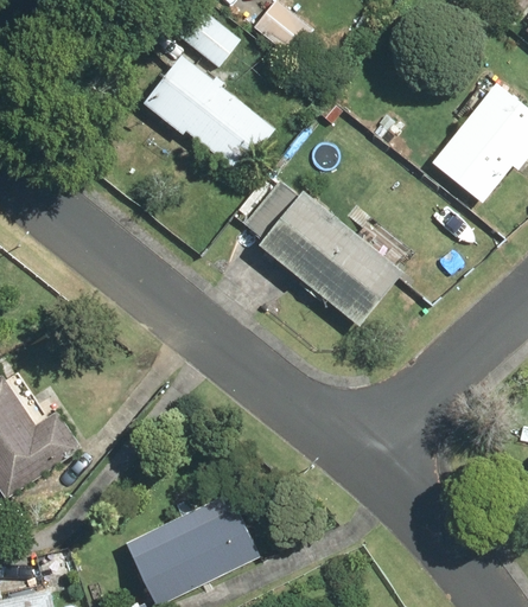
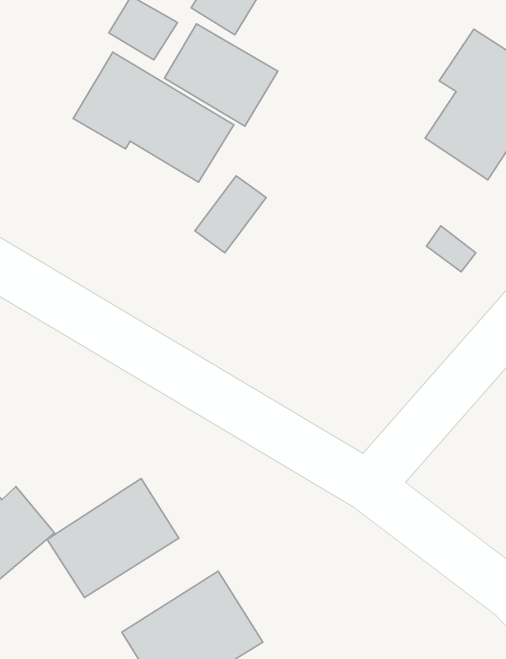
building: none -> [165,24,278,126]
building: [260,192,418,327] -> none
building: none -> [47,478,179,597]

